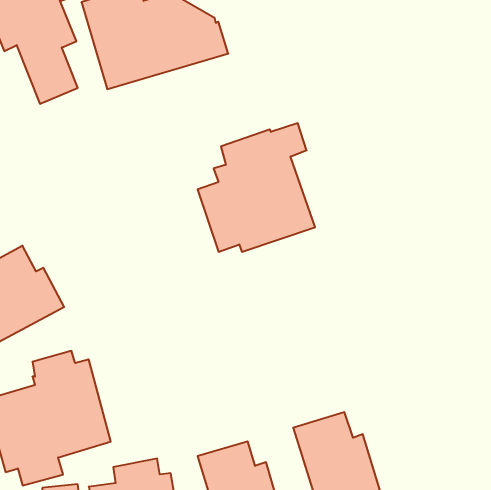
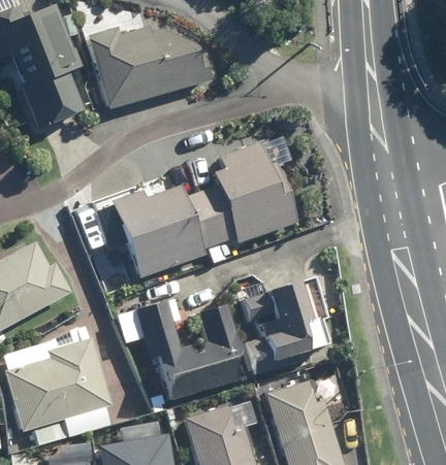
building: none -> [101,189,203,280]
building: none -> [245,285,312,374]
building: none -> [144,302,245,401]

